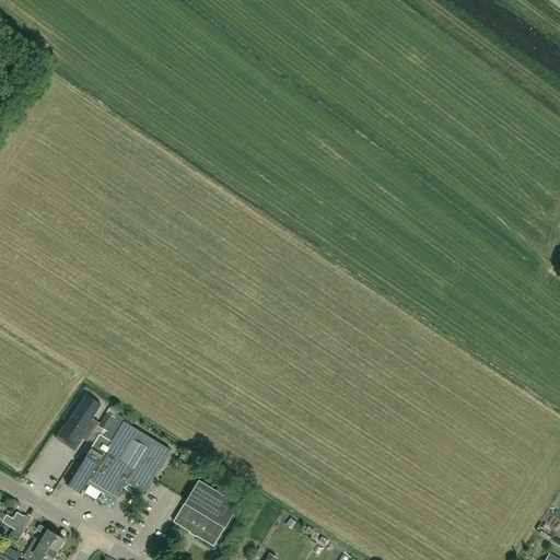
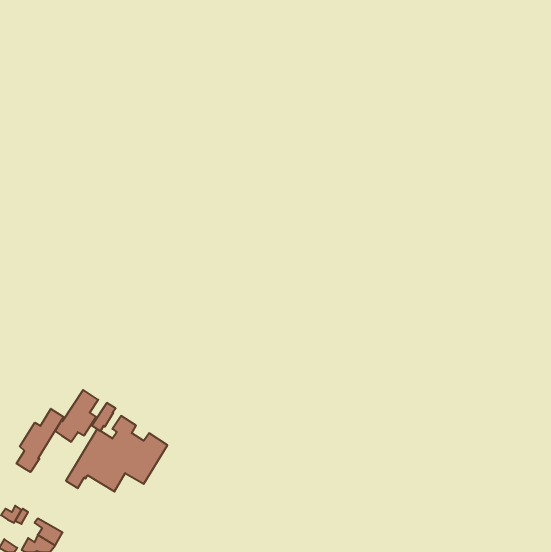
building: none -> [17,409,64,472]
building: [173,481,238,547] -> none

